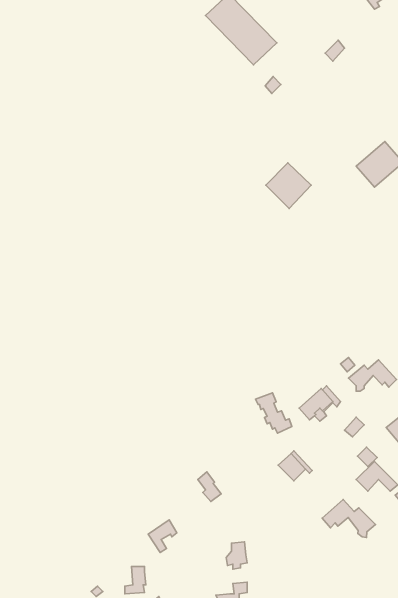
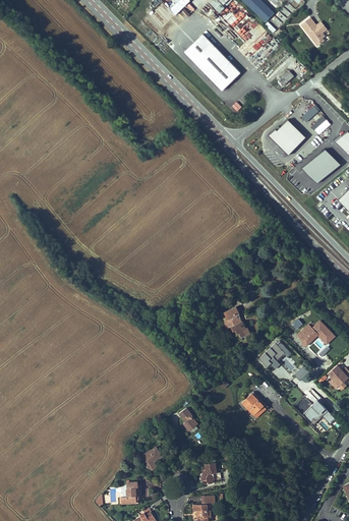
building: [266,163,311,208] -> [270,119,305,155]
building: [255,393,292,433] -> [223,306,251,338]
building: [322,500,376,538] -> none

